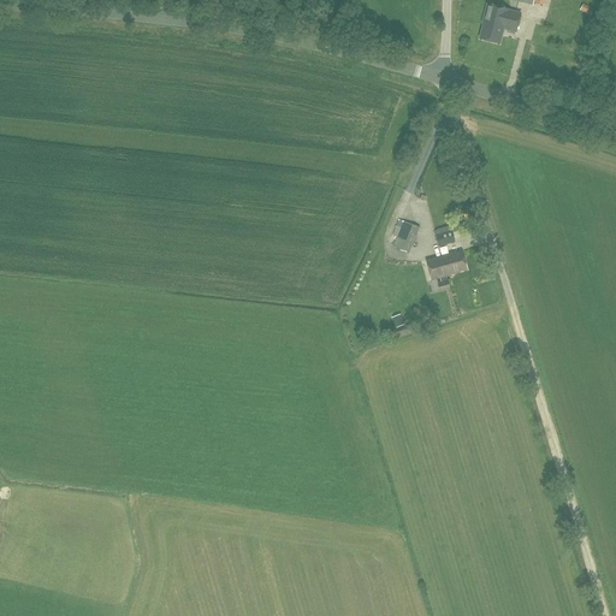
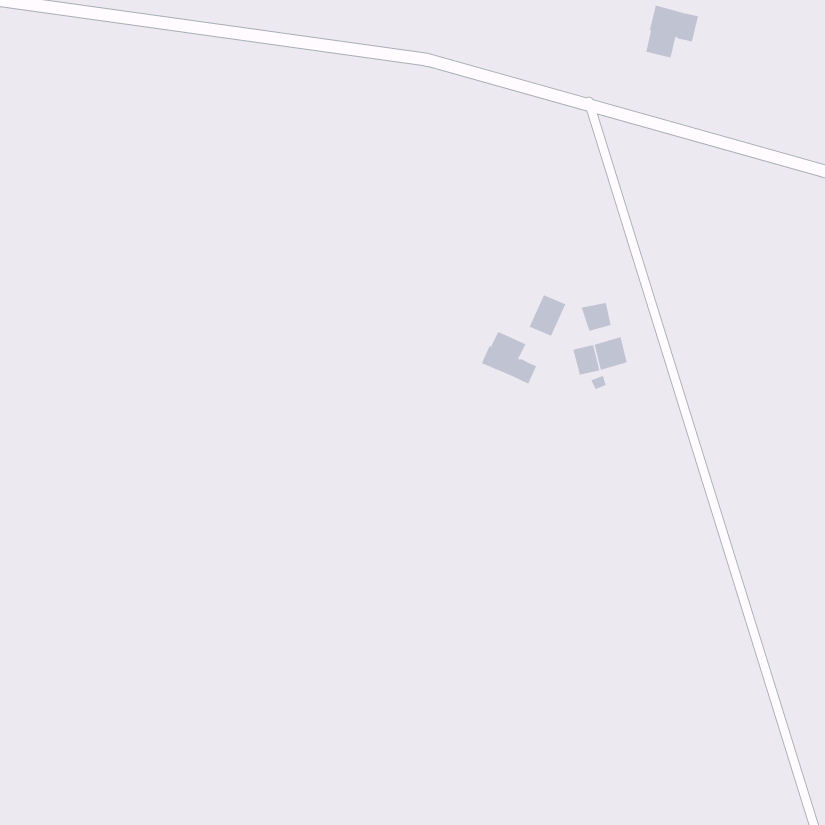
building: none -> [481,331,537,384]

